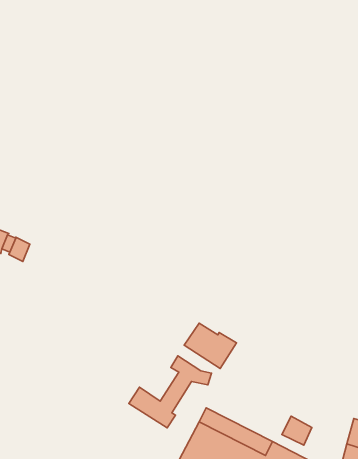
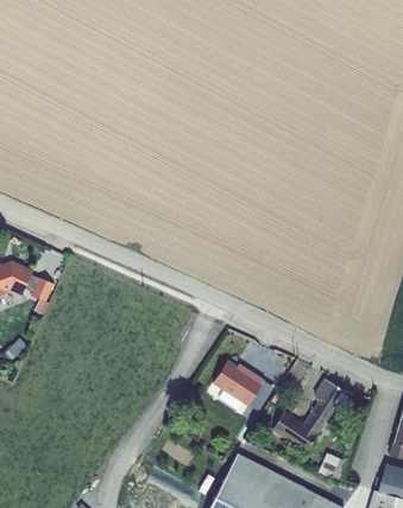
building: [129,356,211,428] -> [270,377,354,451]

